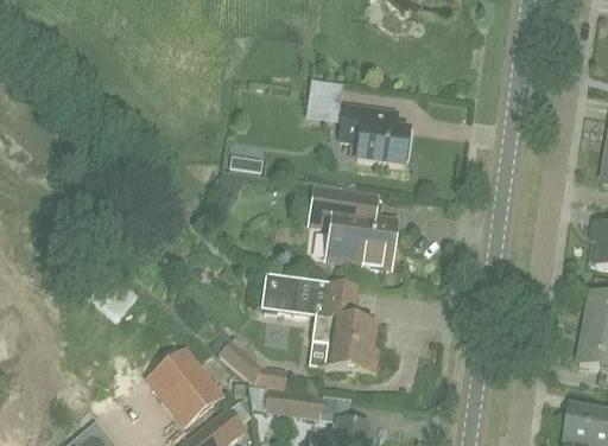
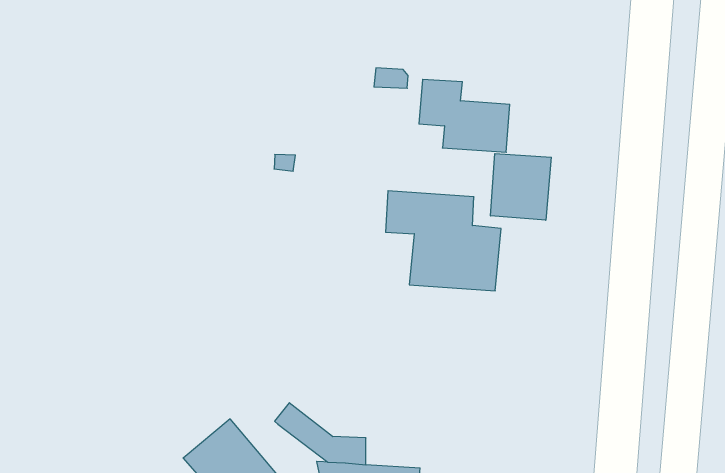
building: none -> [491,154,551,220]
building: [260,270,380,371] -> none

